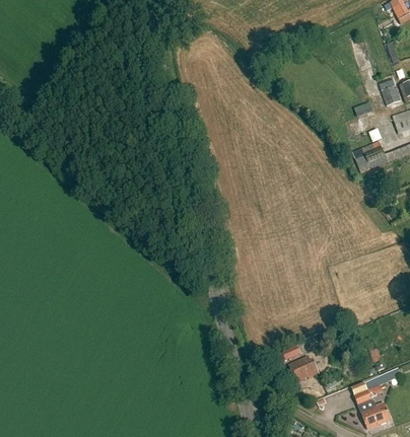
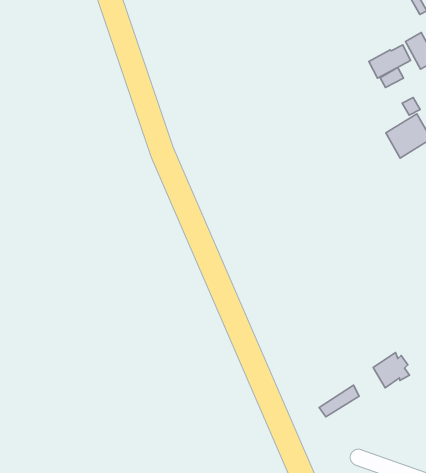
building: none -> [369,45,411,78]
building: [289,356,317,382] -> [373,352,409,388]

